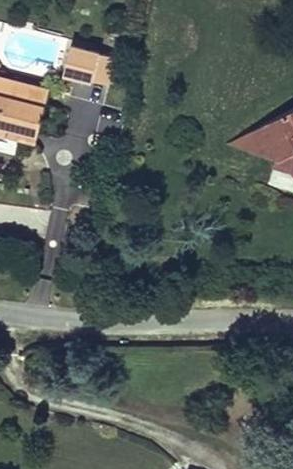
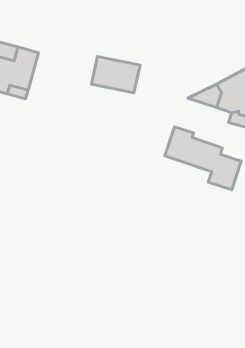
building: [57,46,113,88] -> [91,56,140,93]
building: none -> [165,127,241,190]

